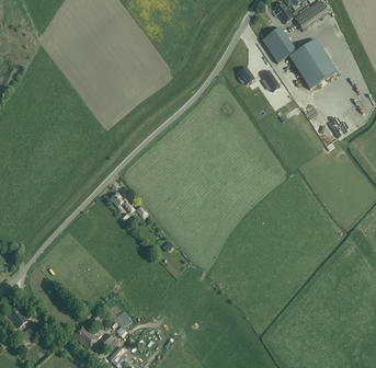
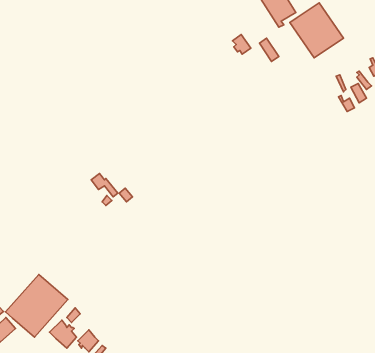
building: none -> [5,274,68,337]

